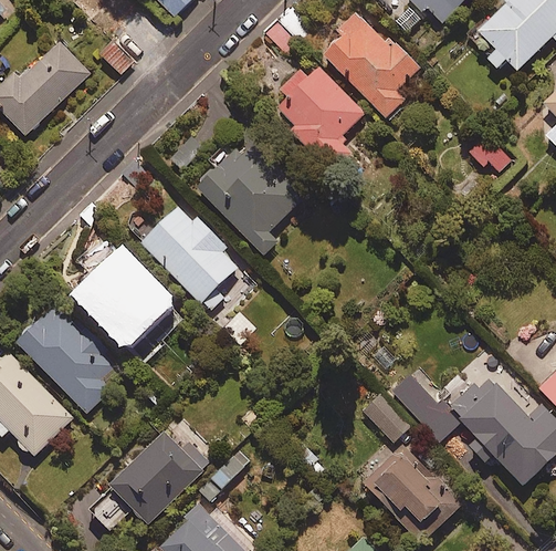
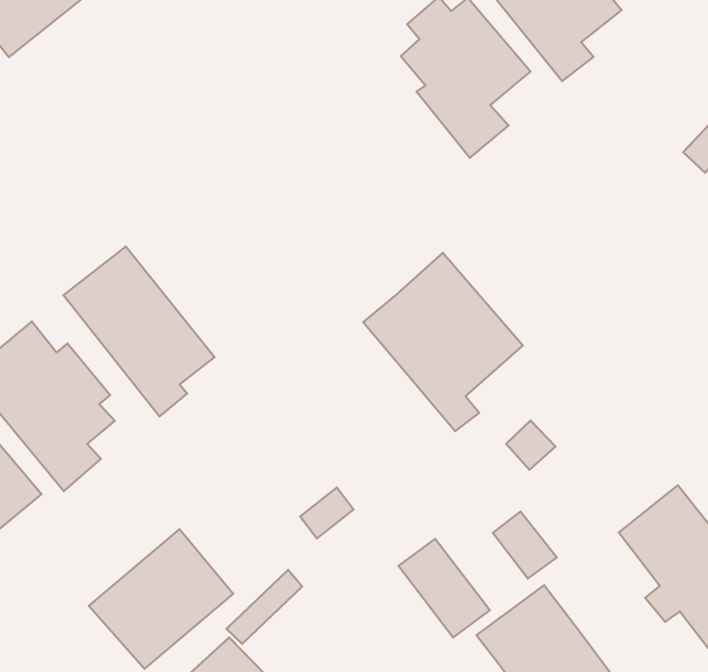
building: [198,138,303,253] -> [363,253,523,431]
building: [140,202,241,310] -> none
building: [398,378,460,441] -> [399,539,490,637]

